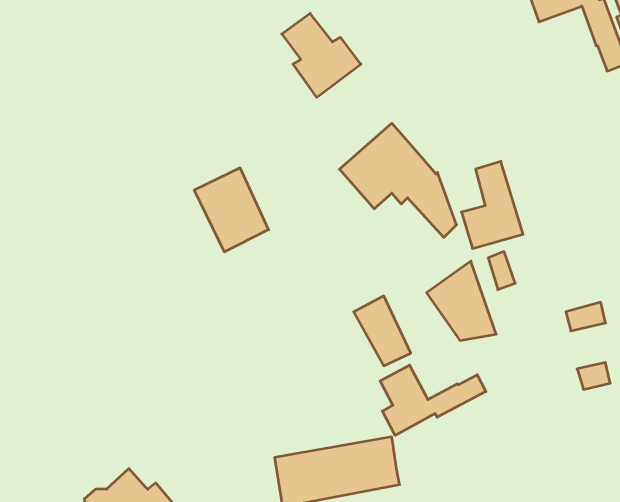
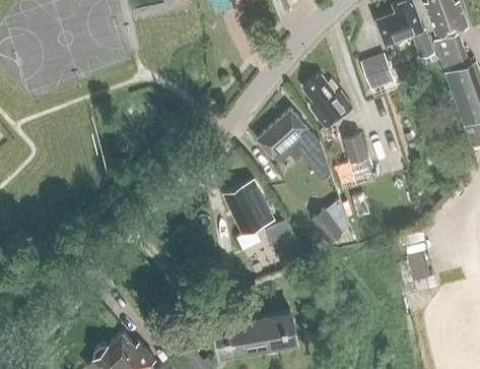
building: [282,13,361,97] -> [302,75,353,129]
building: none -> [361,54,394,90]
building: [194,168,269,252] -> [223,180,271,234]
building: [380,365,486,435] -> none

